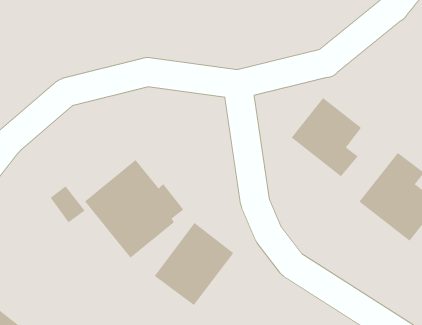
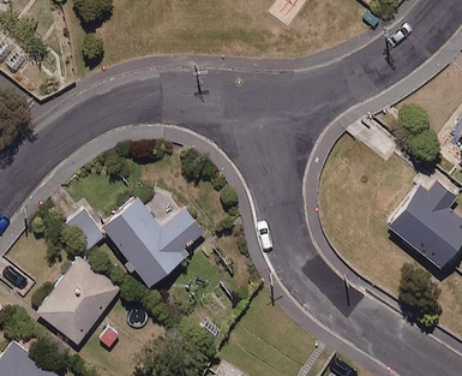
building: [291,97,362,177] -> none
building: [154,222,234,306] -> [35,256,119,344]

